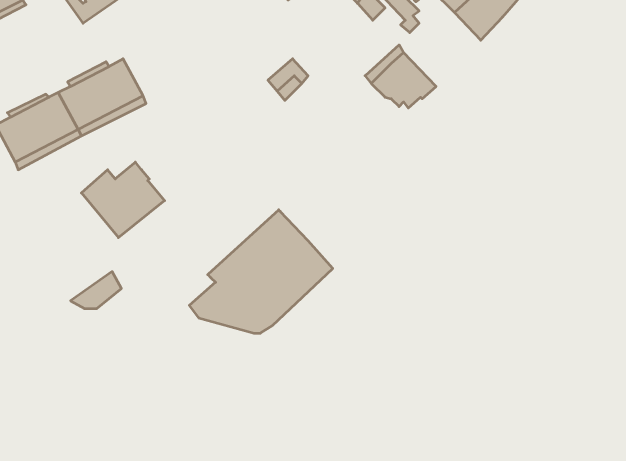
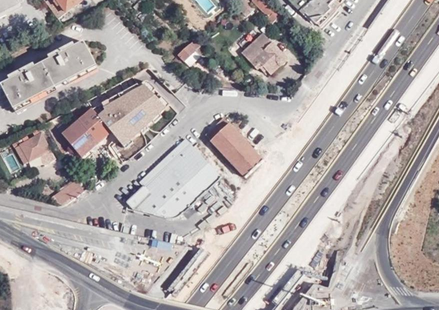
building: none -> [95,79,168,147]
building: none -> [203,116,262,177]
building: none -> [14,132,49,163]

